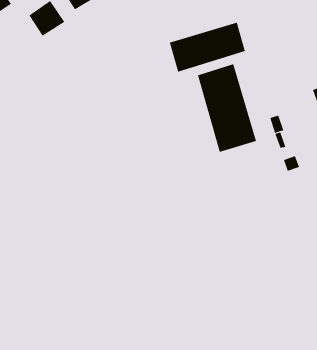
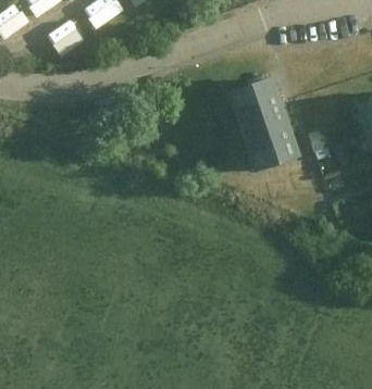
building: [169,22,246,72] -> none

